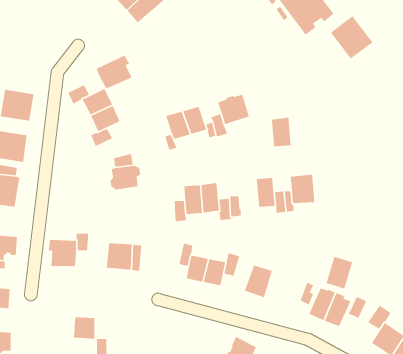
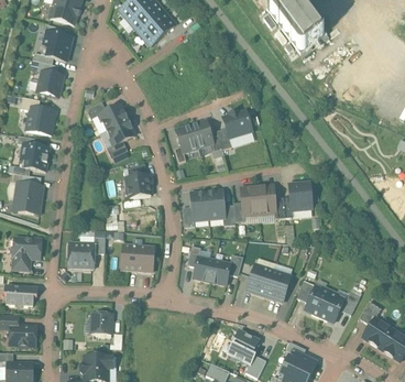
building: none -> [41,30,73,61]
building: [330,15,373,60] -> none
building: none -> [35,69,65,97]
building: [96,54,133,90] -> none
building: [271,117,292,147] -> [241,186,260,214]
building: [325,256,353,290] -> [265,270,291,301]

